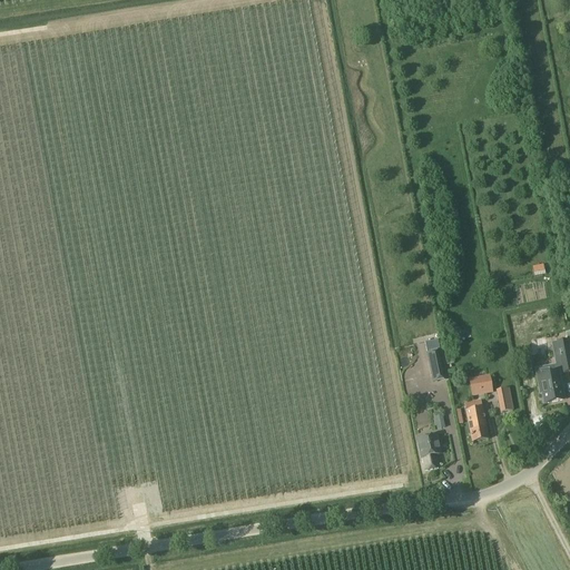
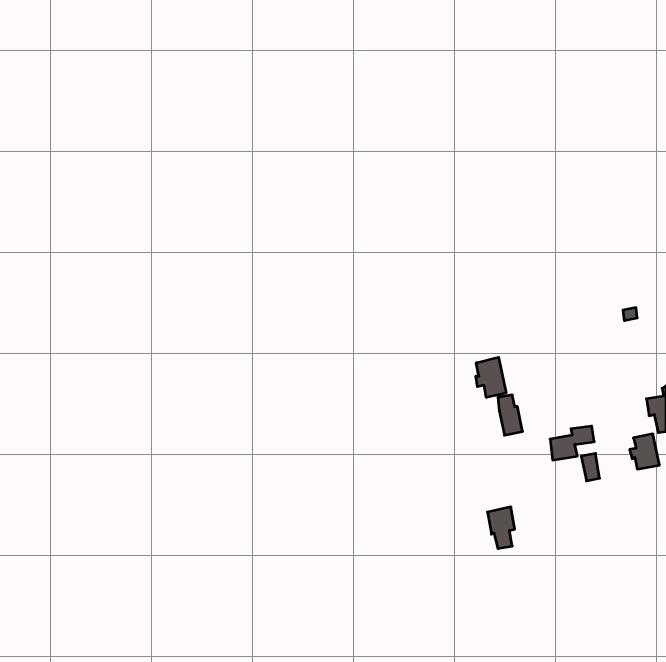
building: none -> [476,357,506,397]
building: [464,397,488,440] -> none

